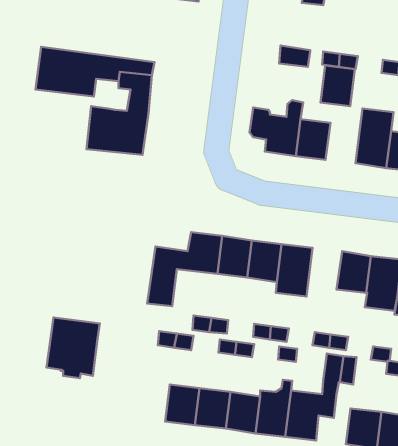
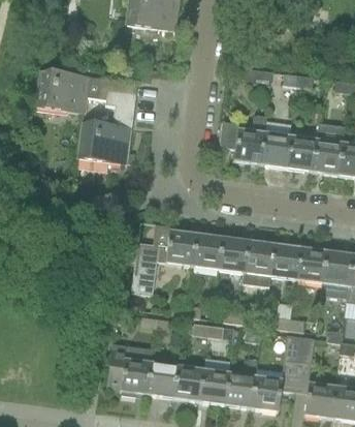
building: [320,66,355,106] -> [286,134,316,170]
building: none -> [270,243,300,279]
building: [46,317,100,378] -> [106,343,153,396]

